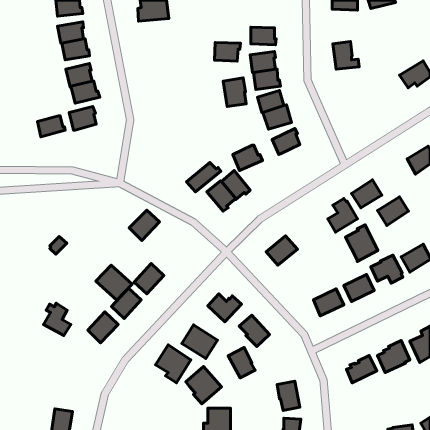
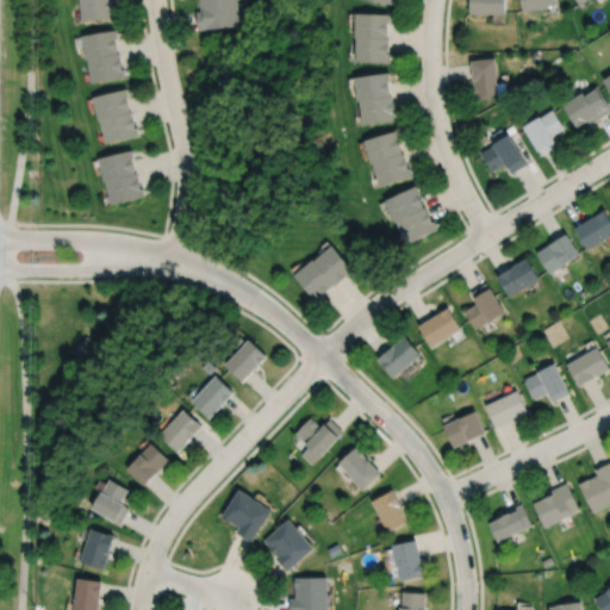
building: [214,42,241,61] -> [353,15,390,42]
building: none -> [522,107,564,154]
building: [223,78,246,107] -> none
building: none -> [479,131,525,173]
building: [37,116,65,137] -> [106,178,145,207]
building: [233,145,262,171] -> [396,206,437,242]
building: [187,162,221,192] -> none
building: [377,197,409,226] -> [535,232,579,273]
building: [129,210,160,240] -> [222,338,264,381]
building: none -> [417,306,460,347]
building: [345,225,378,261] -> none
building: [96,265,132,300] -> none
building: [44,303,71,335] -> [92,480,130,525]
building: [182,325,218,359] -> none
building: [228,347,255,378] -> [369,490,407,533]
building: none -> [80,529,116,572]

